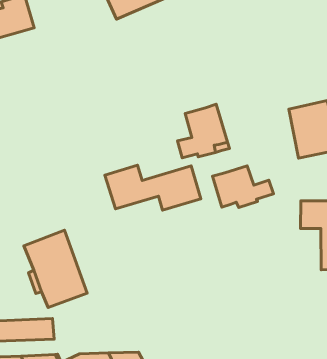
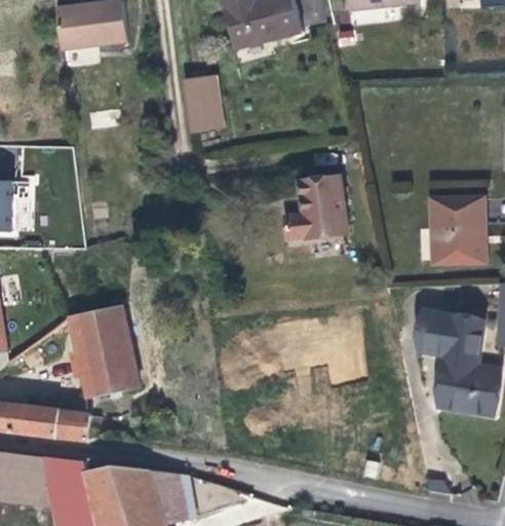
building: none -> [184,78,222,136]
building: [105,165,201,210] -> none
building: [213,166,274,207] -> none

